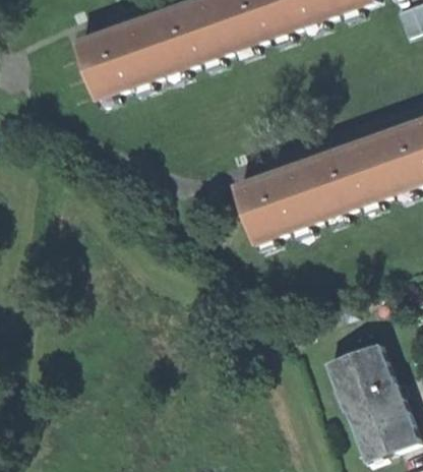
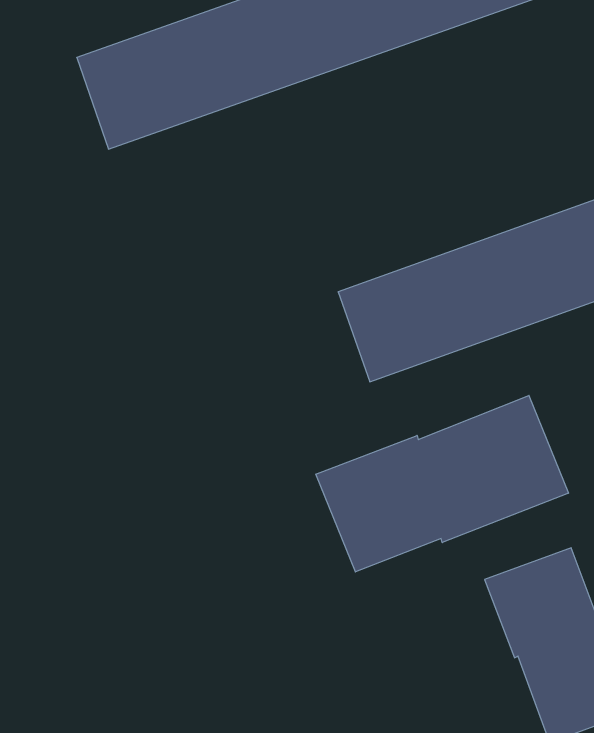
building: none -> [316,395,568,572]

